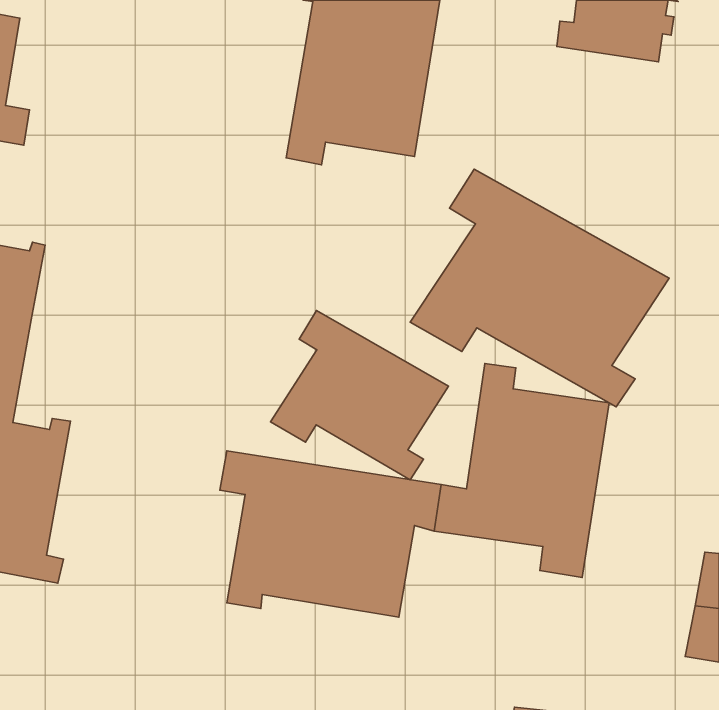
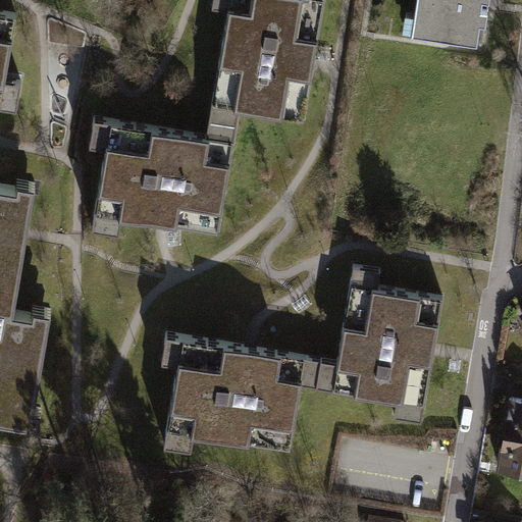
building: none -> [88,116,232,231]
building: [410,169,669,407] -> none
building: [271,311,449,480] -> none

